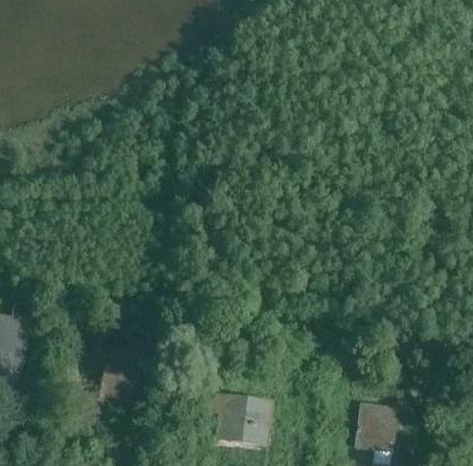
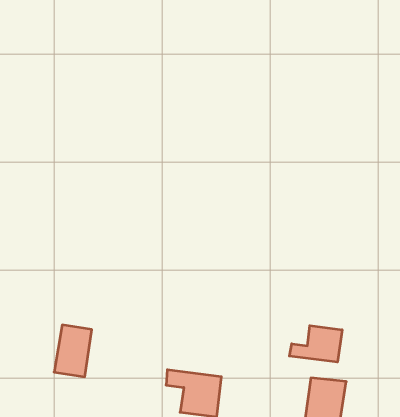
building: none -> [289,326,342,362]

